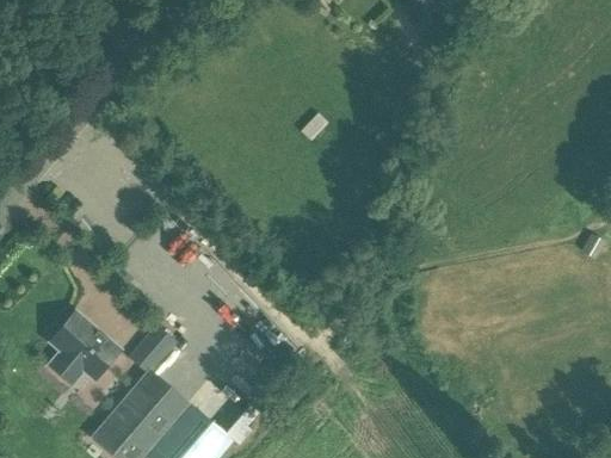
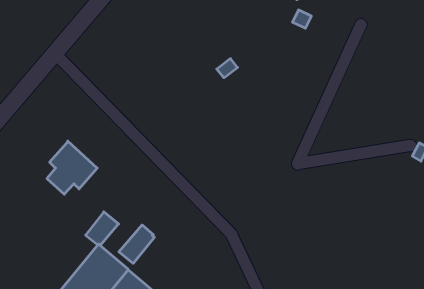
building: [49,311,118,384] -> [47,141,97,194]
building: none -> [119,225,154,263]

